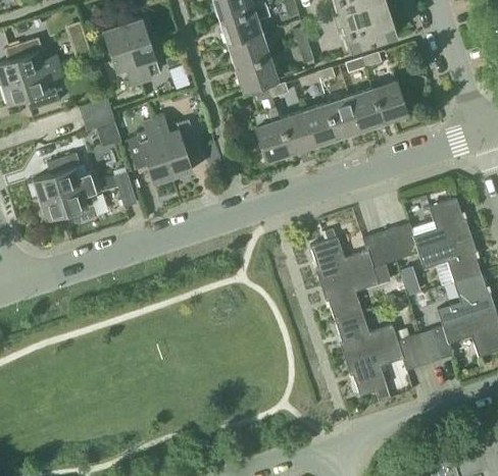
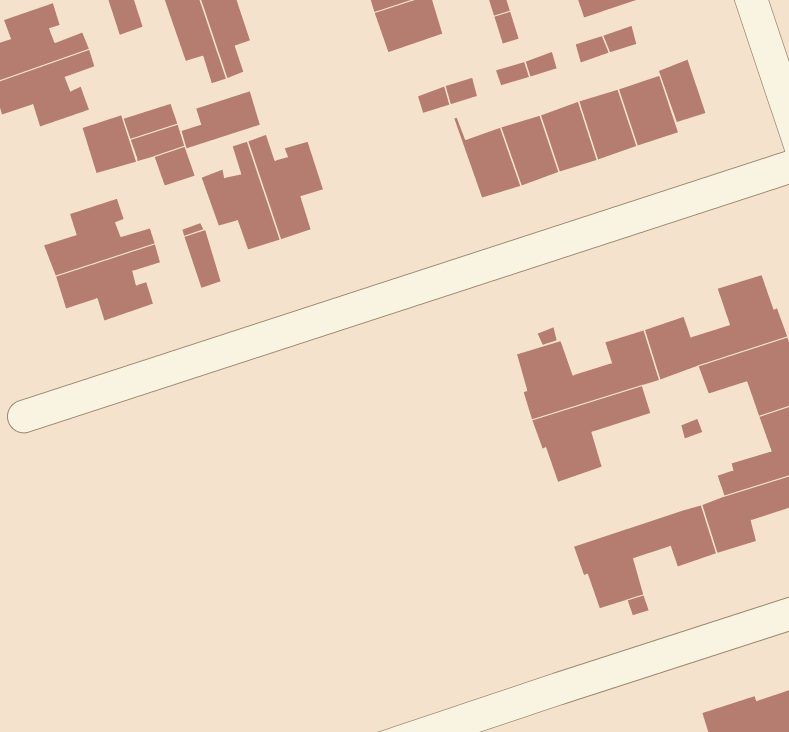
building: [236,57,277,93] -> none
building: none -> [658,59,706,123]
building: none -> [181,90,261,149]
building: none -> [82,114,137,174]
building: [255,107,291,162] -> none
building: [336,312,409,359] -> none

